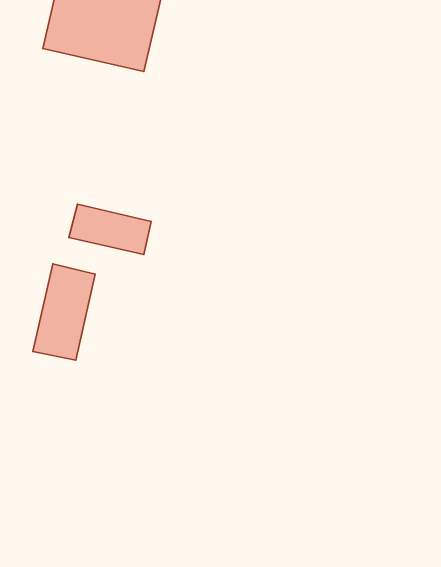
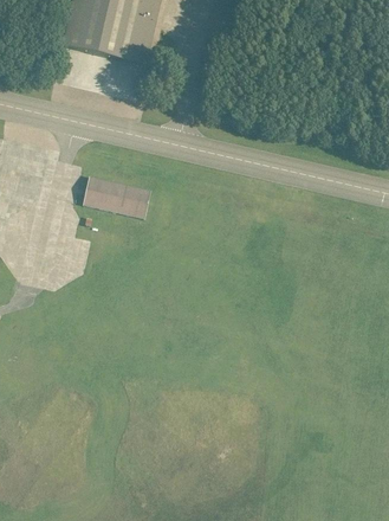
building: [33,264,95,360] -> none

